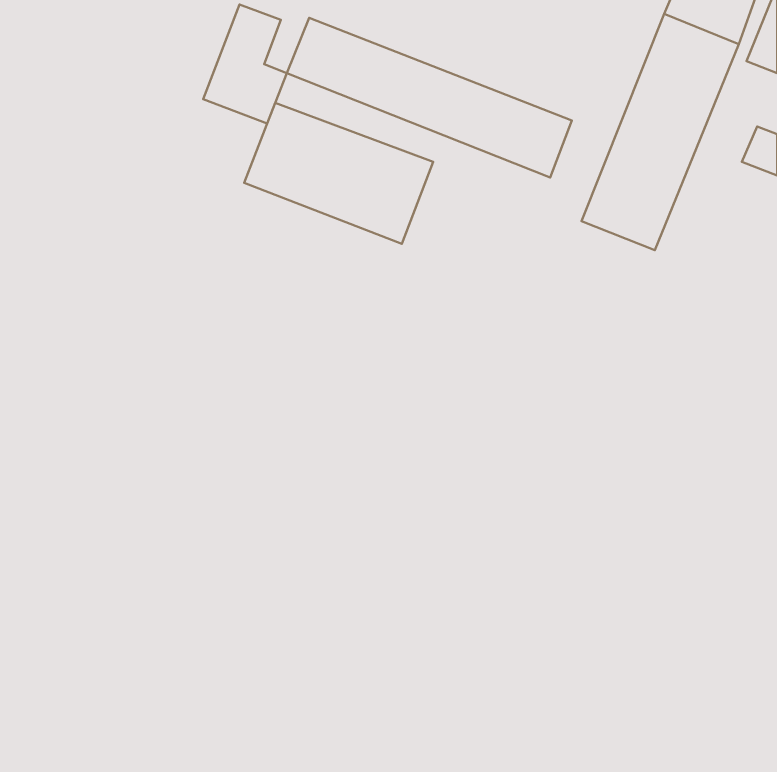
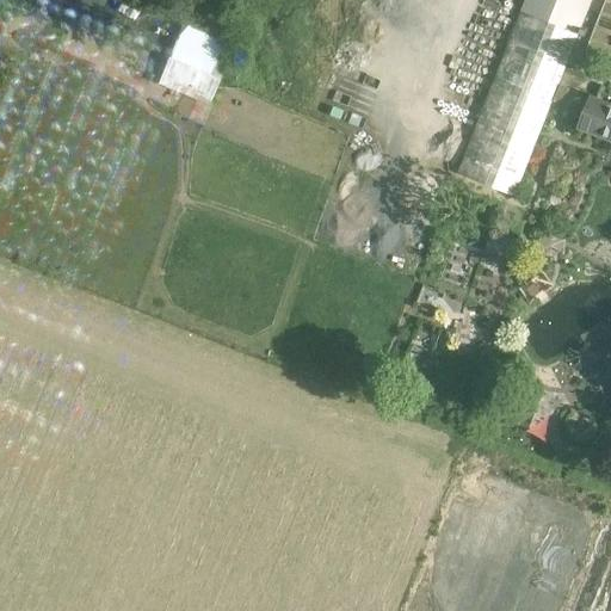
building: [287,18,572,178] -> none
building: [244,103,433,244] -> none

